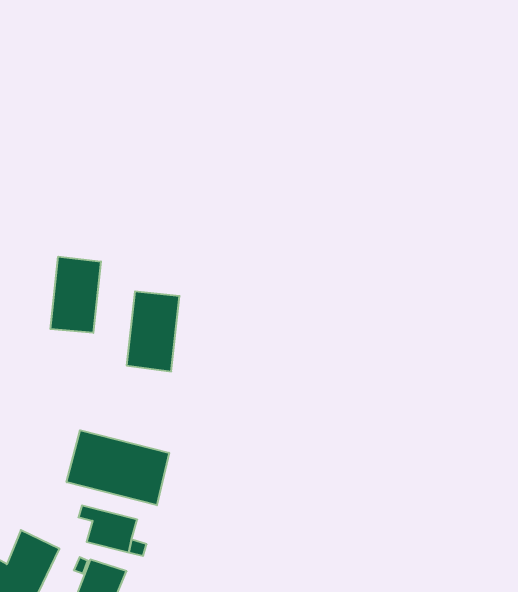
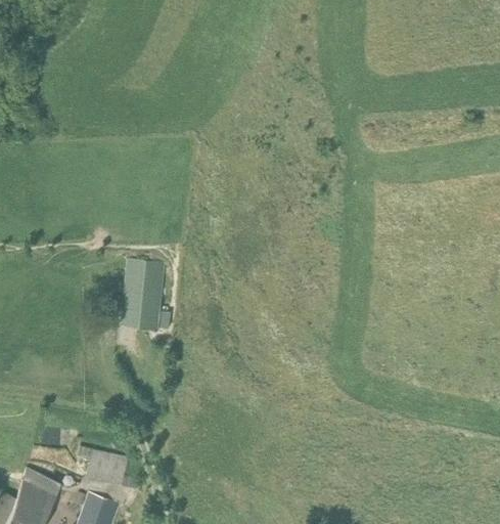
building: [50,257,101,333] -> none
building: [67,430,169,505] -> none

